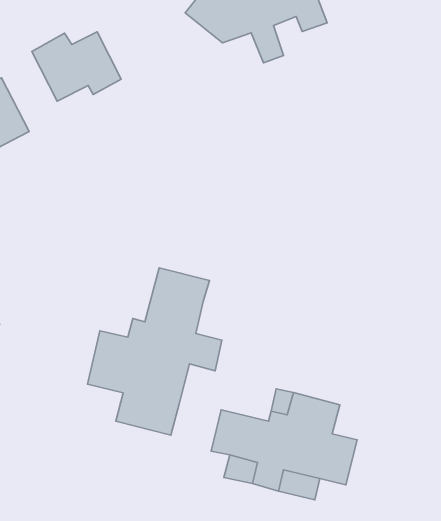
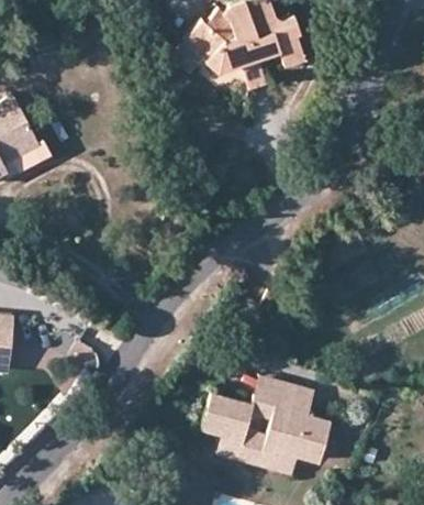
building: [32,32,121,101] -> none
building: [88,268,222,435] -> none

